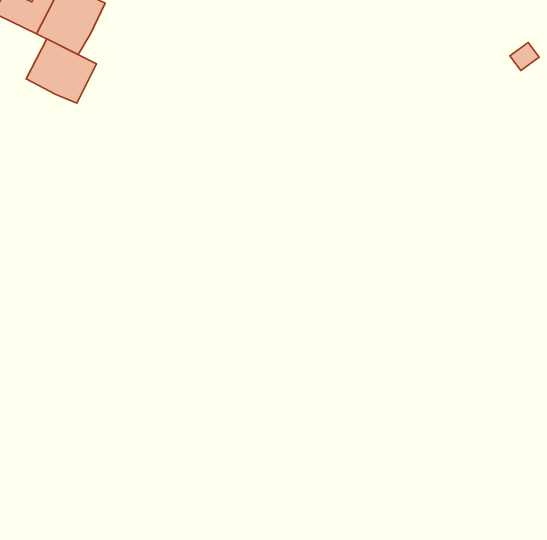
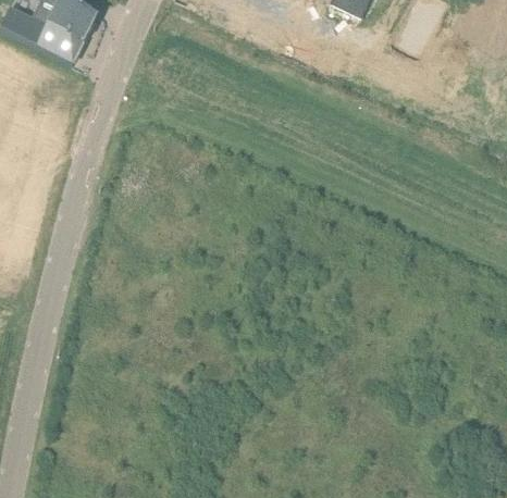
building: [26,39,96,103] -> none

